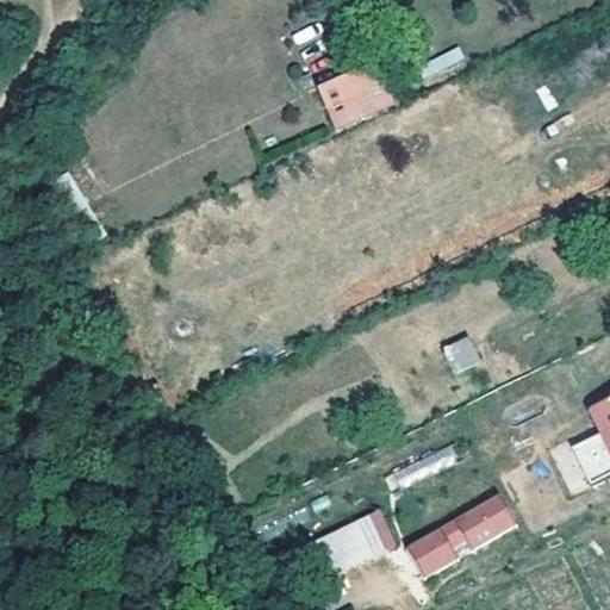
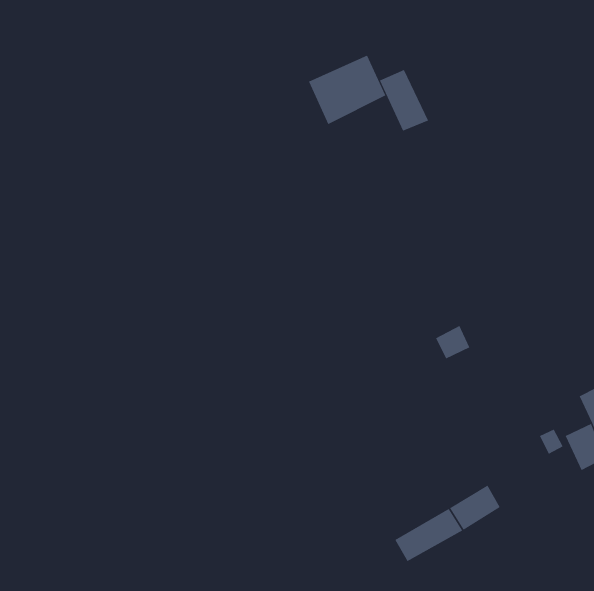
building: none -> [379,69,429,132]
building: [298,509,399,581] -> none

